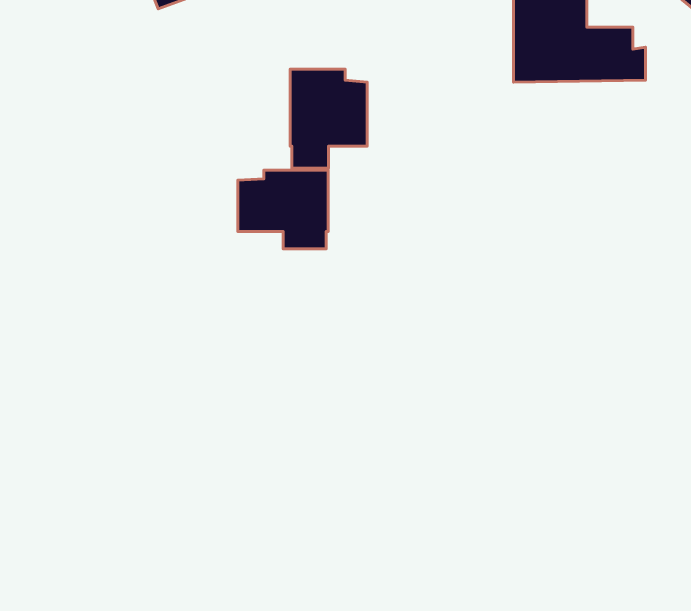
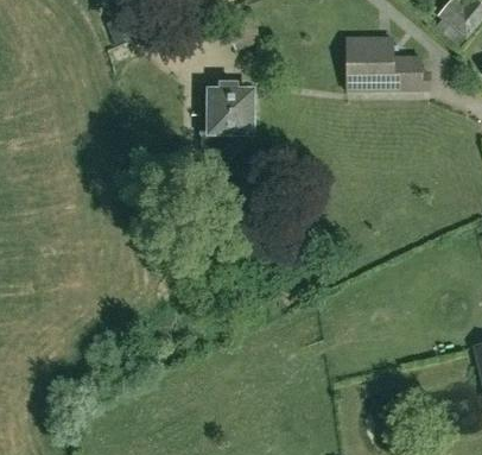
building: [238,170,328,249] -> none

